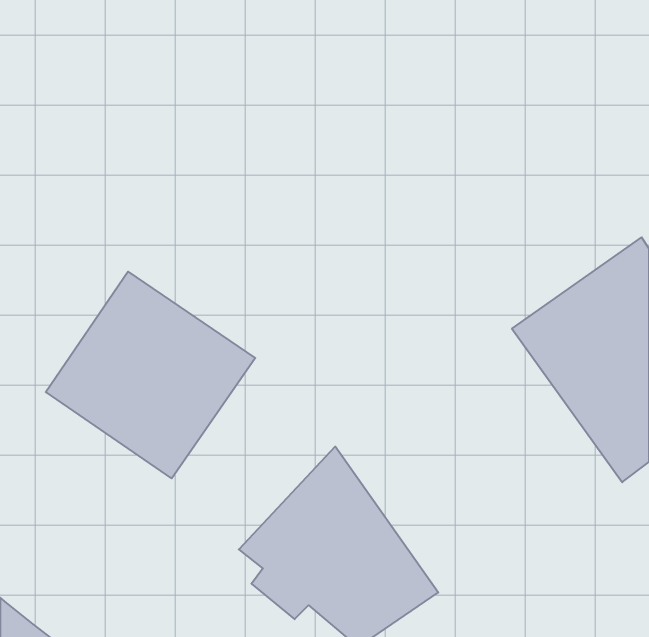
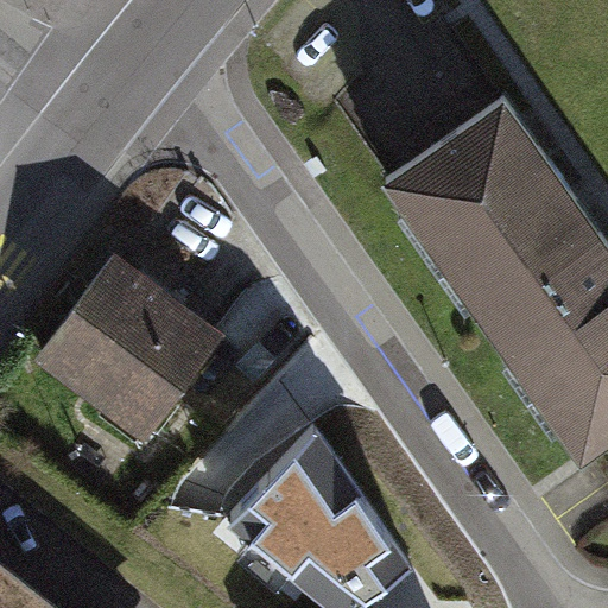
building: none -> [381,96,600,318]

